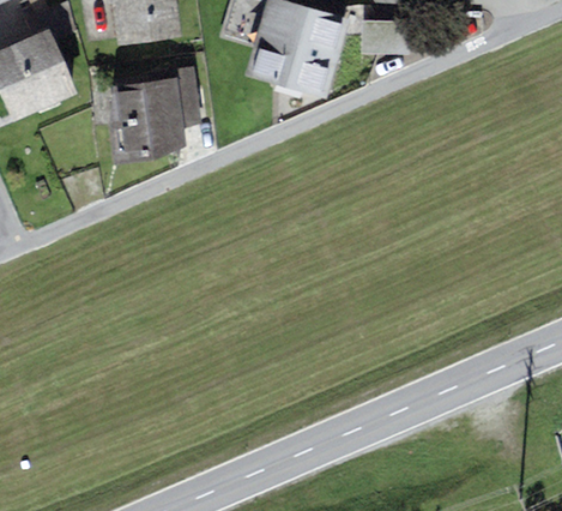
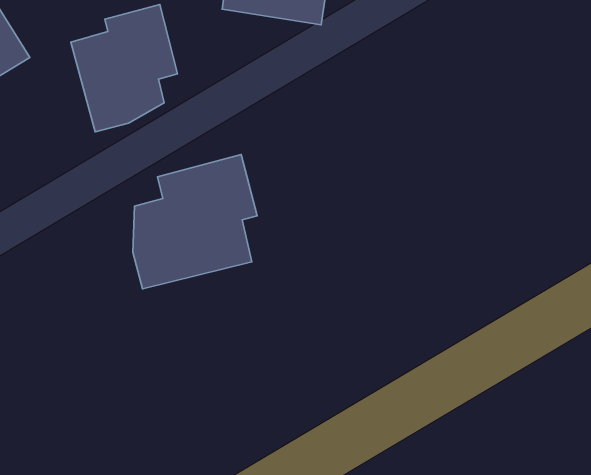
building: none -> [133,155,257,289]

